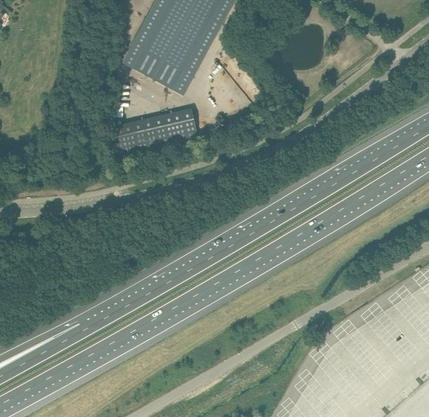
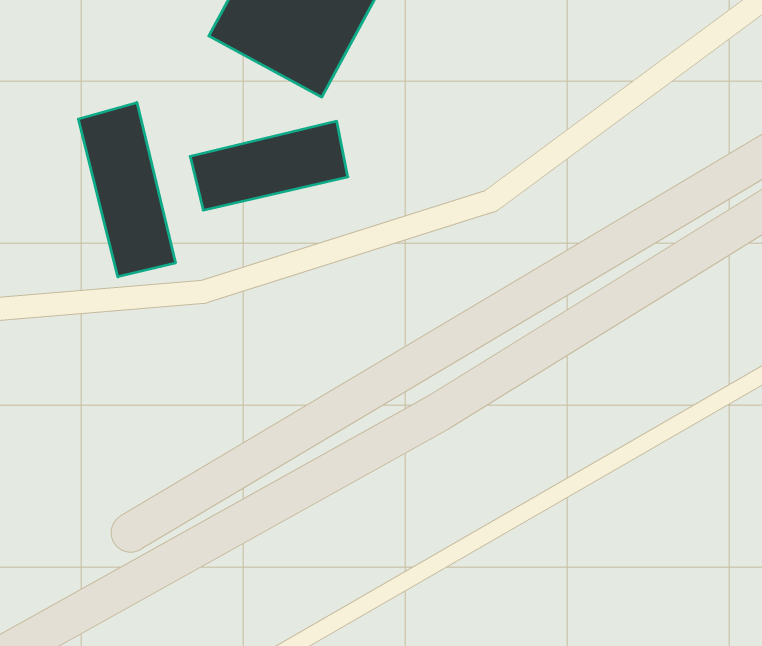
building: none -> [78,102,175,277]

